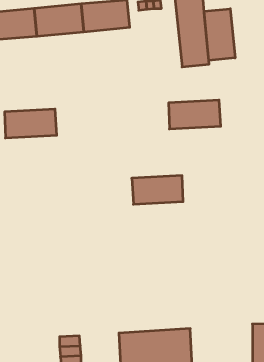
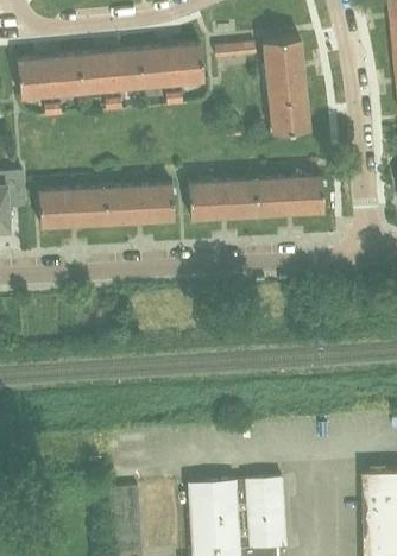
building: [204,9,235,60] -> none
building: none -> [105,185,174,223]
building: [132,176,183,204] -> [188,181,256,219]

